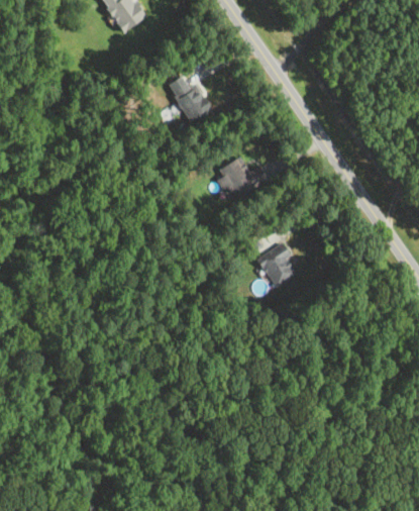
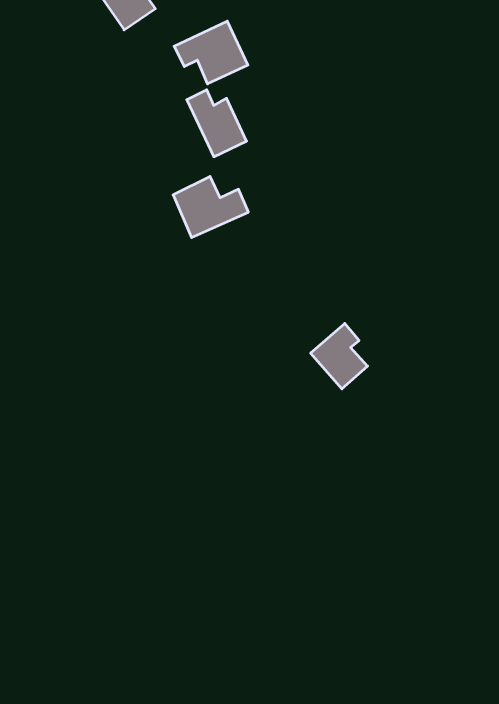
building: none -> [174,21,248,84]
building: [215,157,269,200] -> [173,176,248,238]

